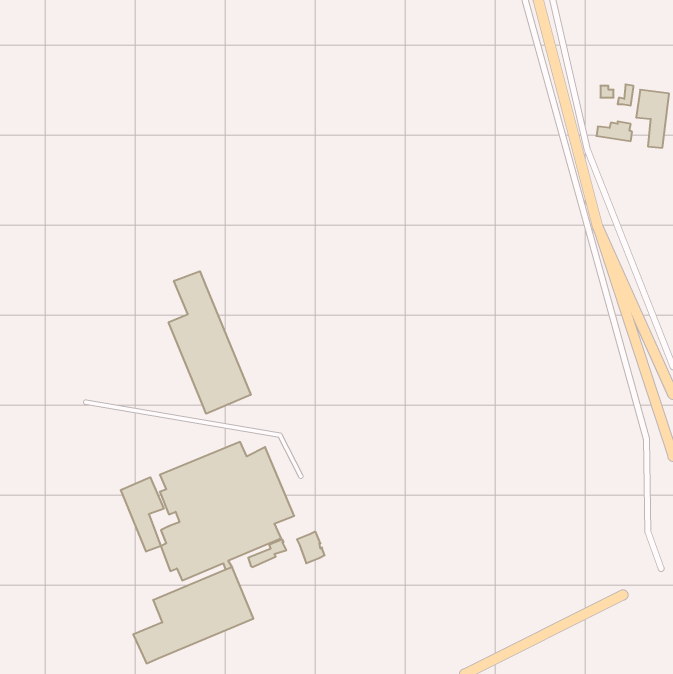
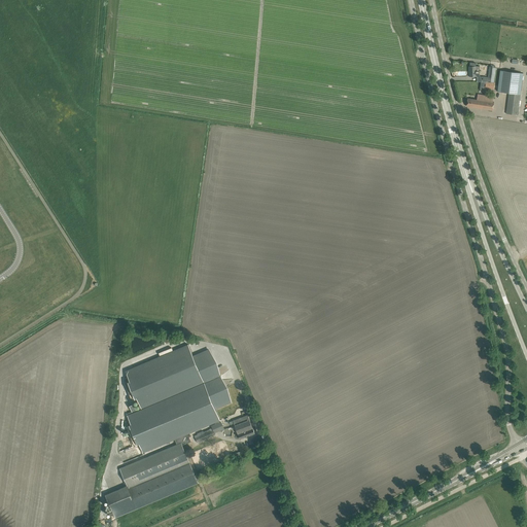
building: [169,271,251,414] -> none
building: [121,477,164,552] -> none

